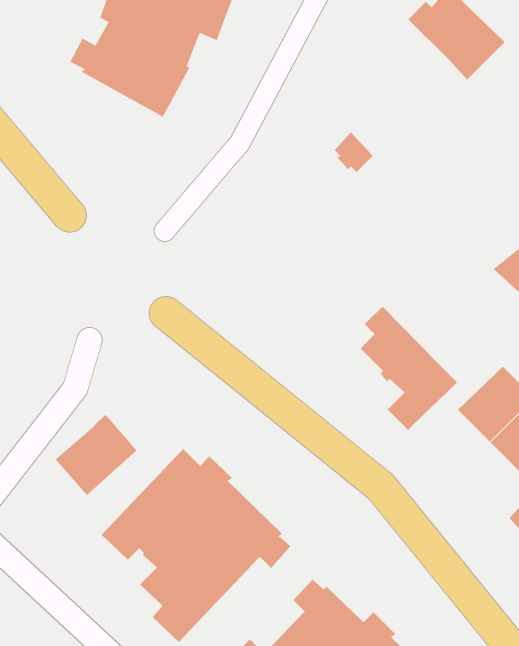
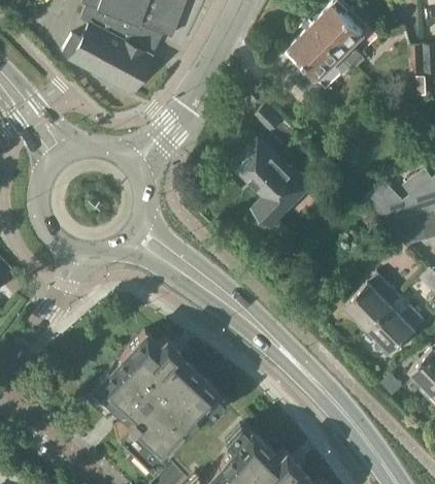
building: none -> [289,22,354,91]
building: [360,306,458,431] -> [238,132,309,223]
building: [55,414,137,496] -> none

